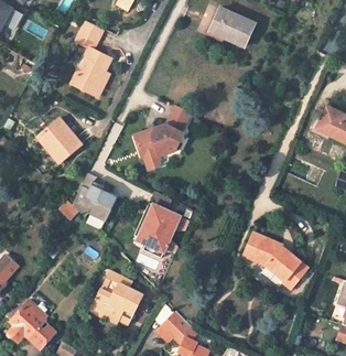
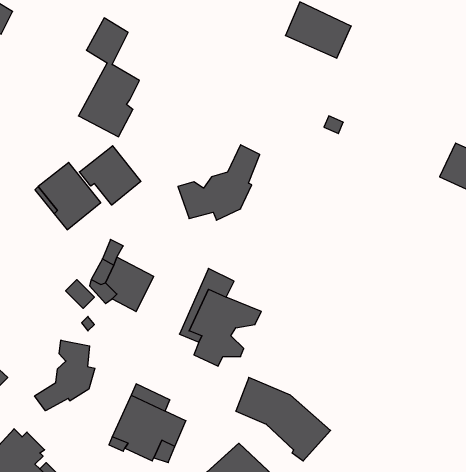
building: none -> [79,146,141,205]
building: [246,233,311,290] -> [236,377,331,461]
building: none -> [35,340,95,411]

